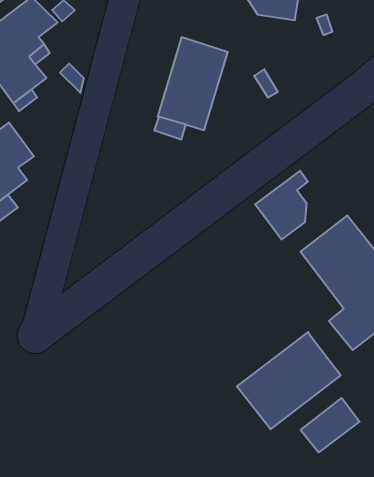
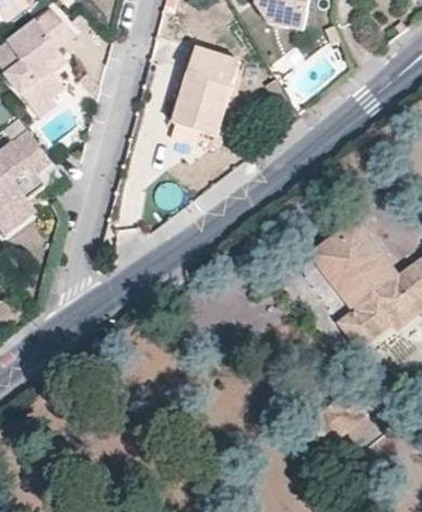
building: [255,171,308,240] -> none
building: [237,332,341,429] -> none

